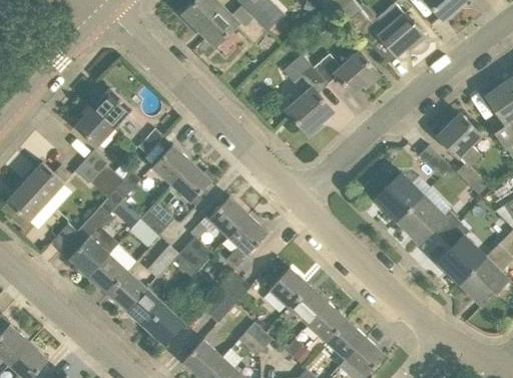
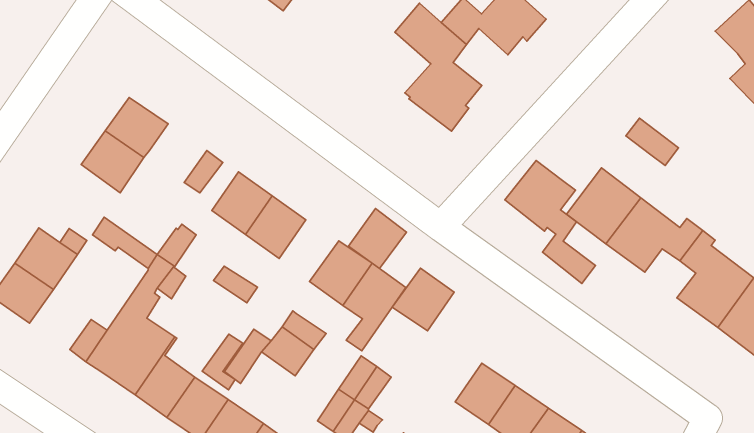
building: [437,114,488,196] -> [505,160,595,283]
building: [84,150,128,190] -> none
building: none -> [349,208,407,268]
building: [129,211,166,248] -> none
building: [269,268,309,308] -> [392,268,454,331]

